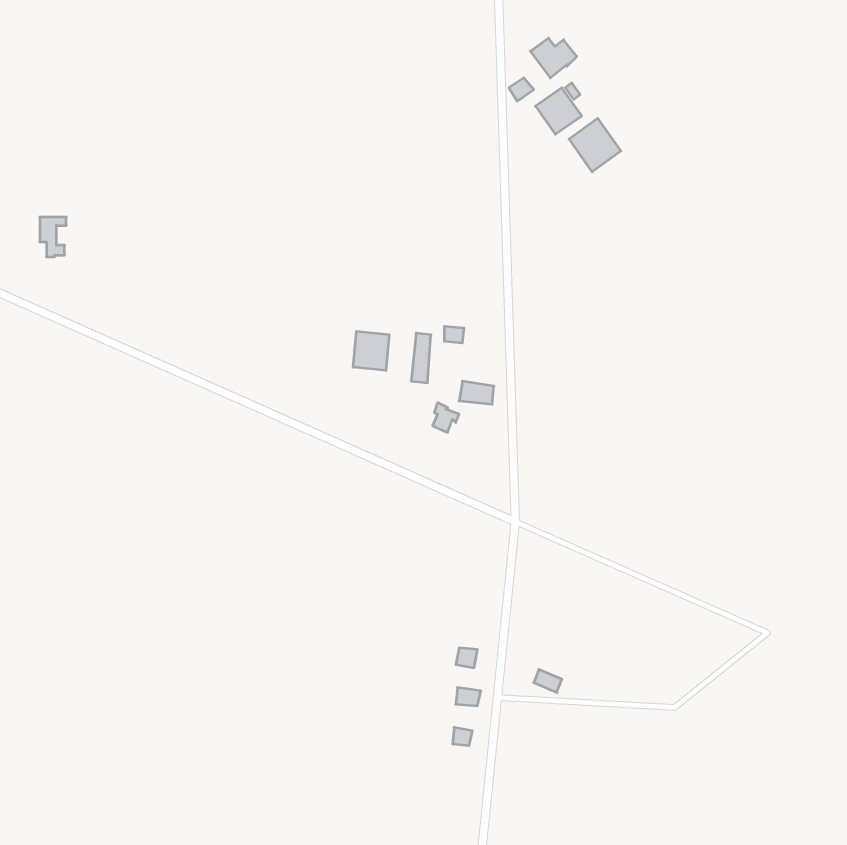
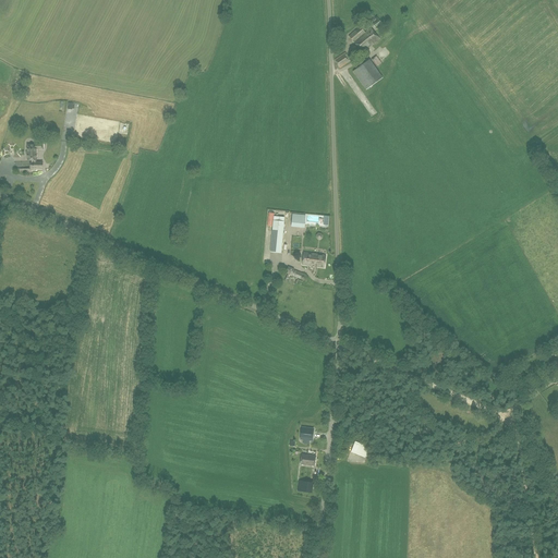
building: [569,118,621,172] -> none
building: [353,331,389,371] -> none

